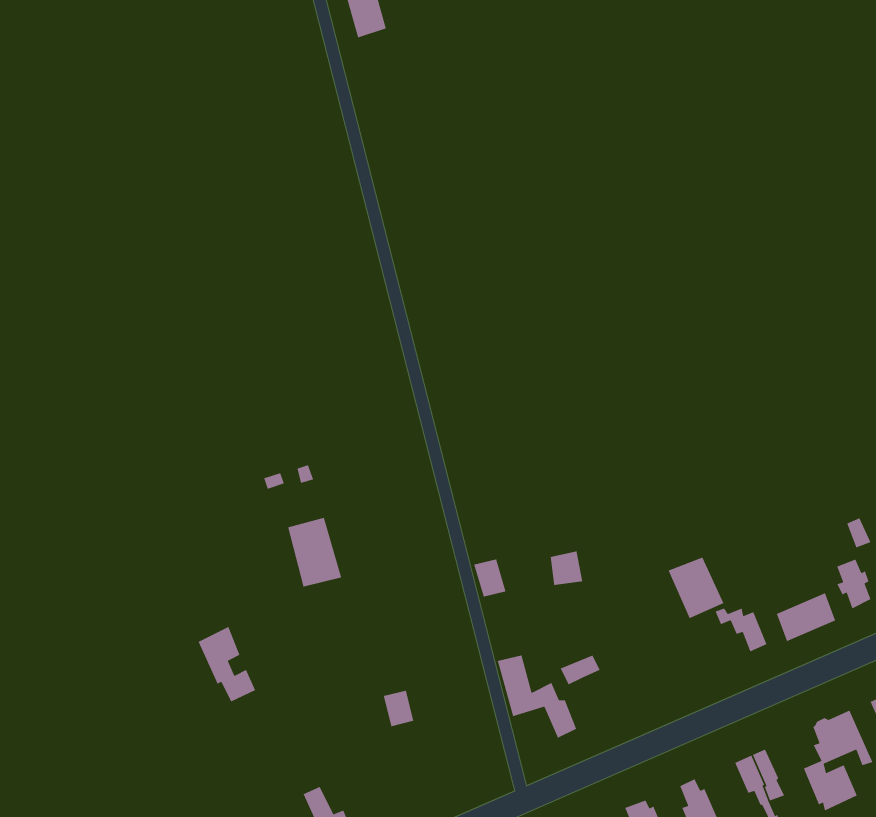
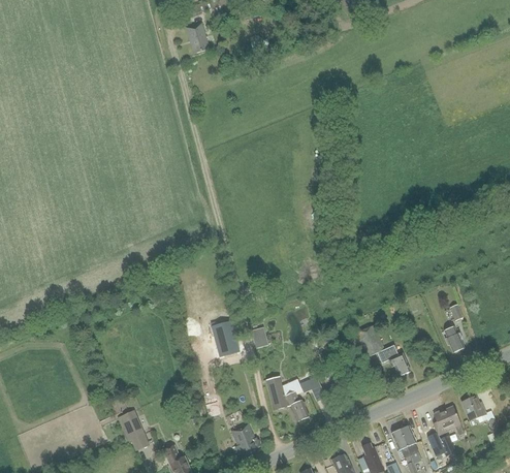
building: [287,517,342,588] -> [212,319,241,356]
building: [776,592,836,642] -> none
building: [197,626,256,702] -> [119,410,150,450]
building: none -> [233,425,261,454]

